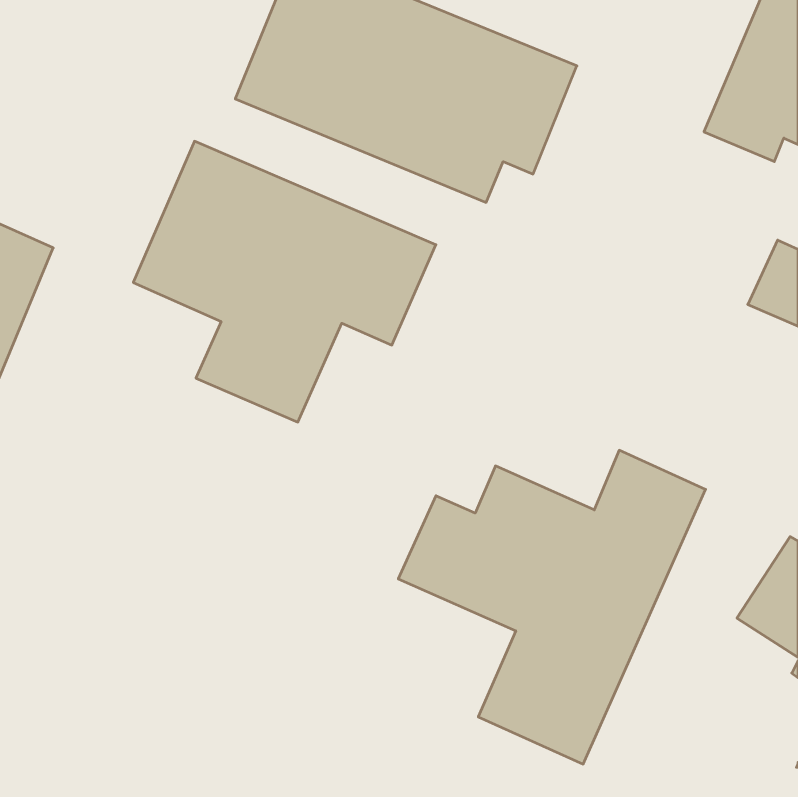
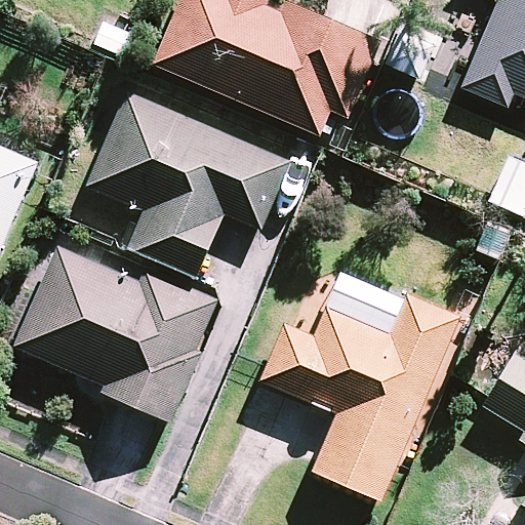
building: none -> [14,246,218,419]

